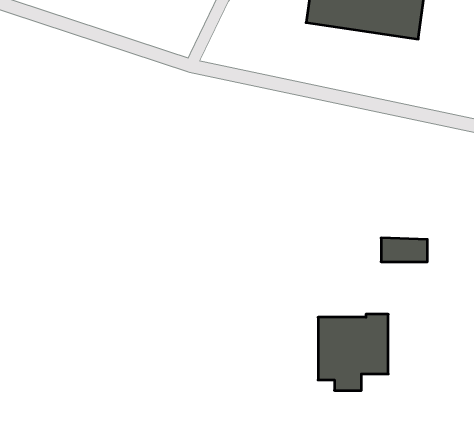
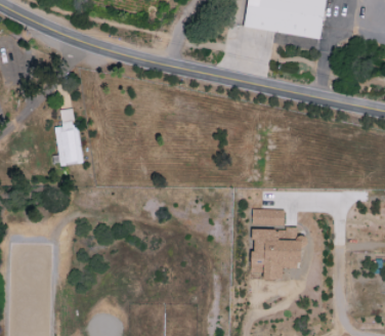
building: none -> [56,109,84,166]
building: [381,238,427,262] -> [253,209,285,225]

